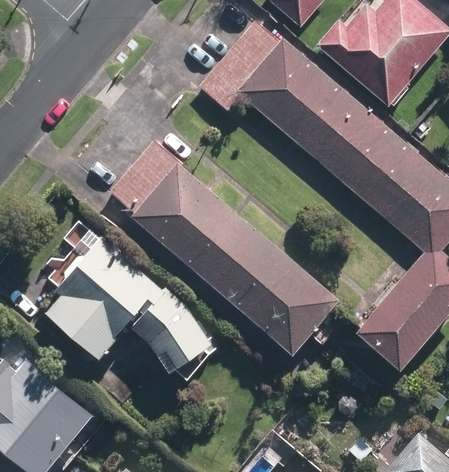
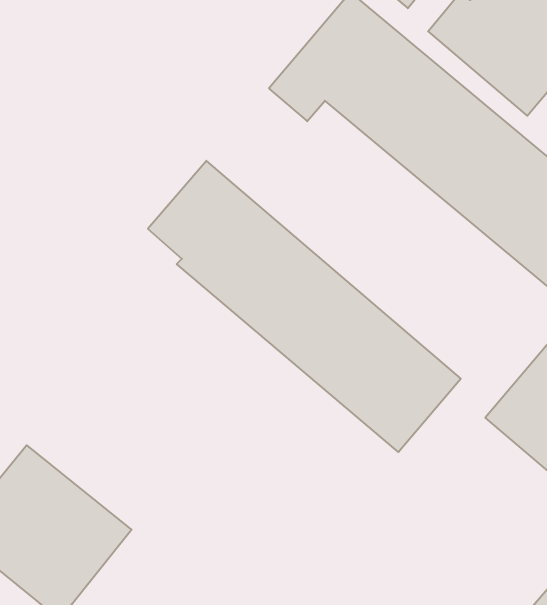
building: [42,225,215,379] -> none

